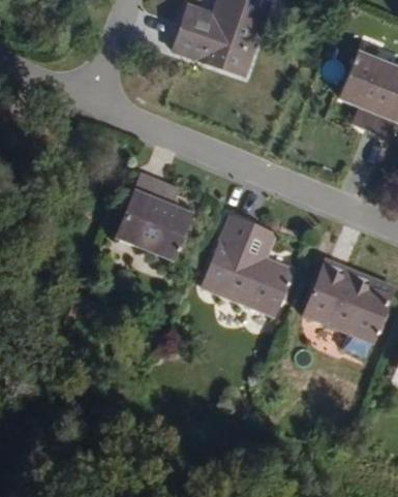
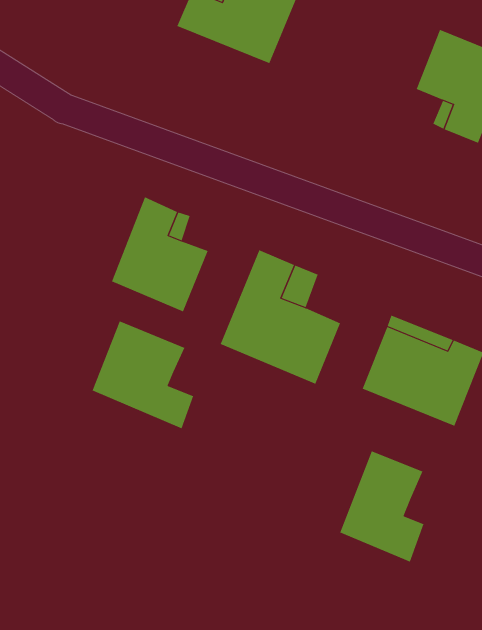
building: none -> [92,321,194,429]
building: none -> [339,451,424,563]

